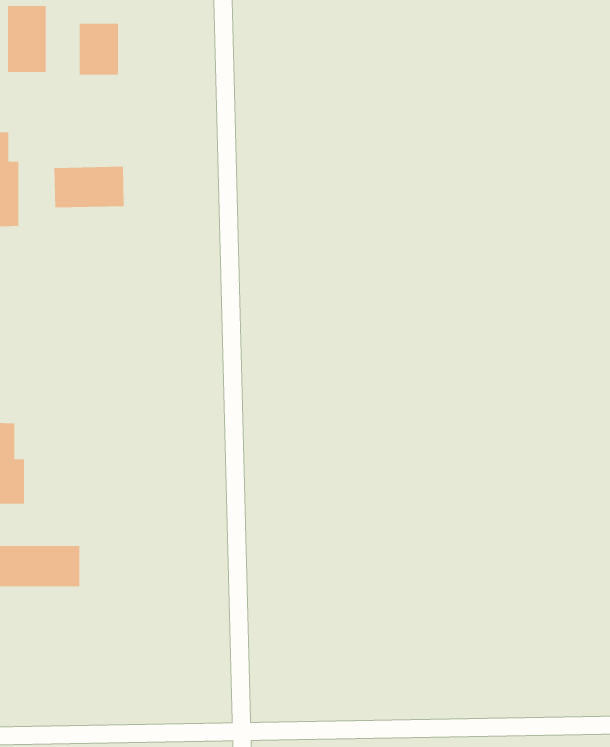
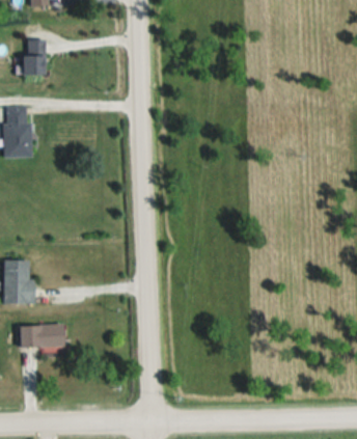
building: [79,23,119,75] -> none
building: [54,166,124,208] -> none

